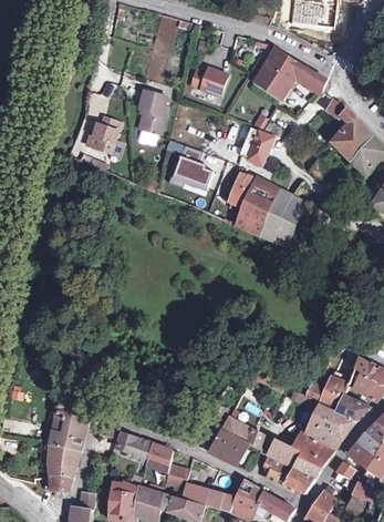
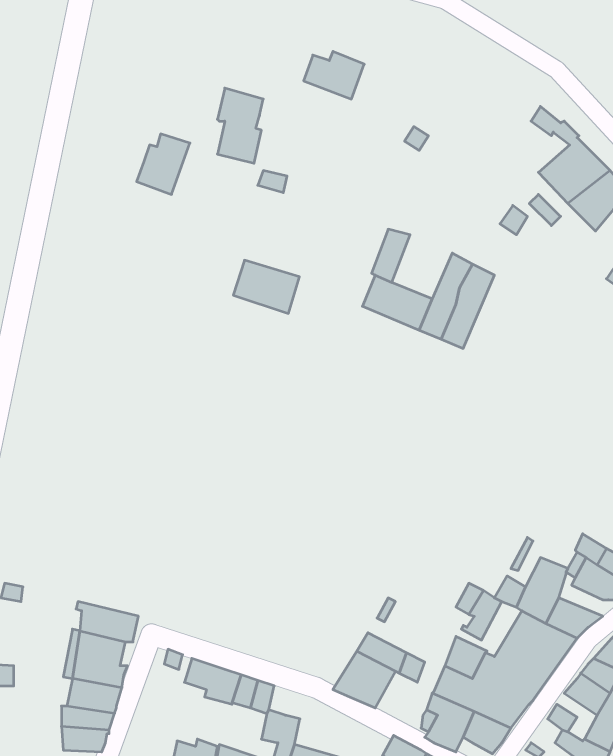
building: [253,48,326,99] -> none
building: [239,126,274,165] -> none
building: [169,155,209,187] -> [233,260,299,313]
building: [243,176,280,216] -> none

